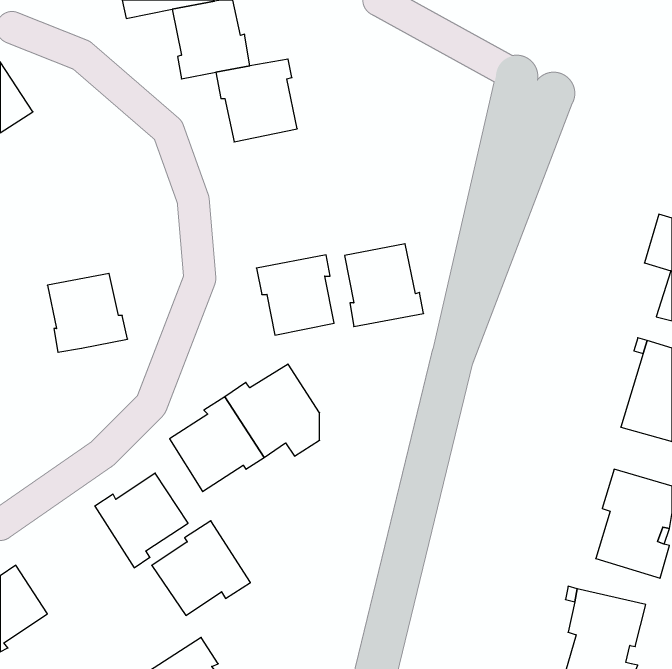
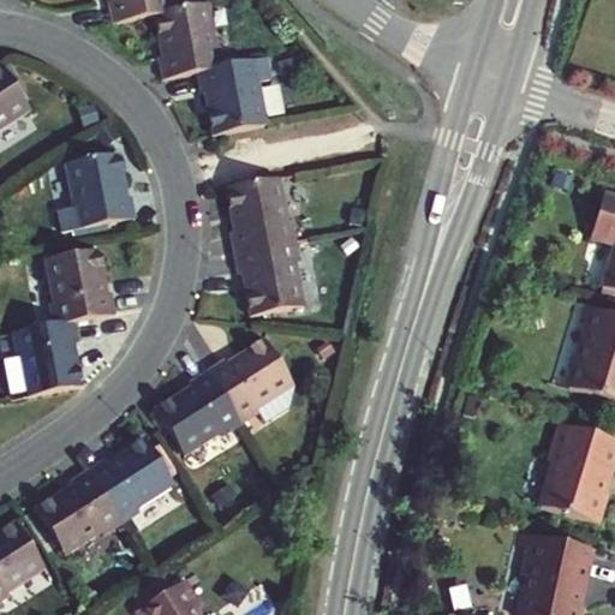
building: none -> [56,157,132,232]
building: [345,244,424,327] -> [226,172,298,247]
building: none -> [11,321,83,395]
building: [152,521,250,615] -> [32,465,123,551]

